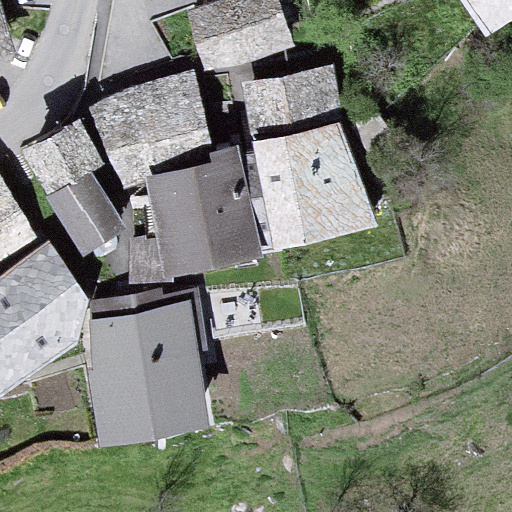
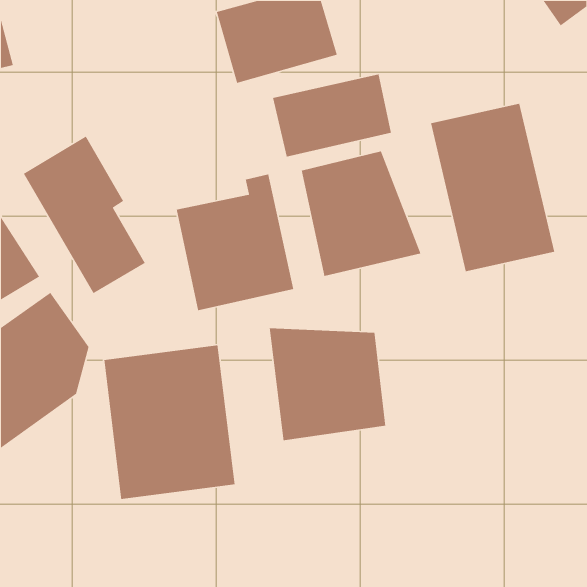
building: [99,80,212,179] -> none
building: none -> [430,103,555,272]
building: none -> [269,328,386,441]

